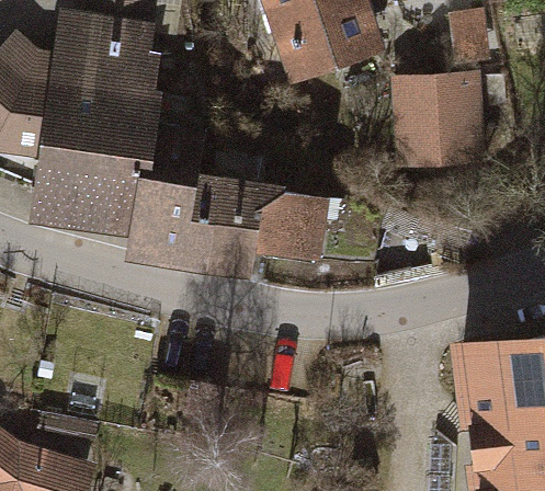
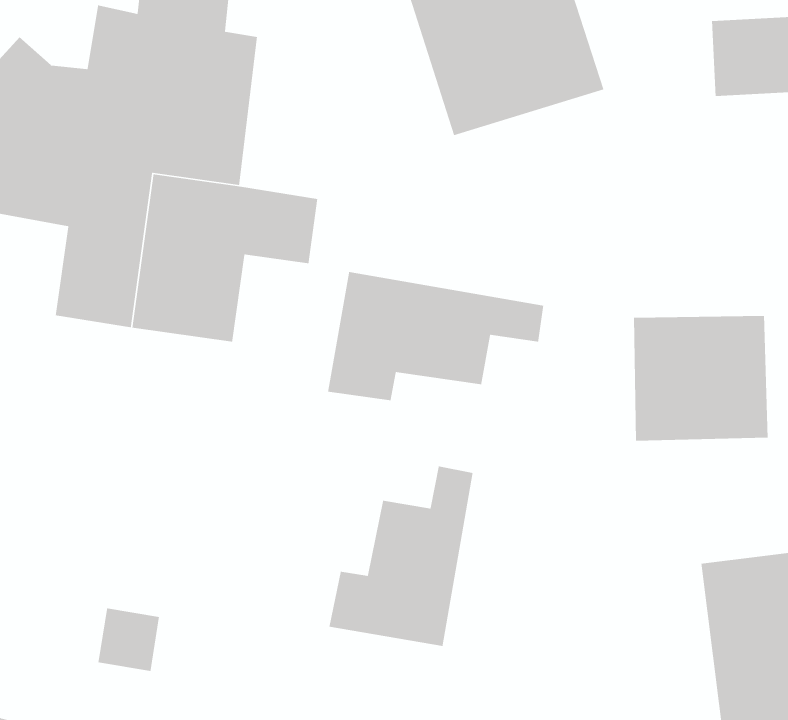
building: [397,85,480,163] -> [633,315,768,442]
building: [146,164,222,249] -> none
building: none -> [328,465,473,647]

